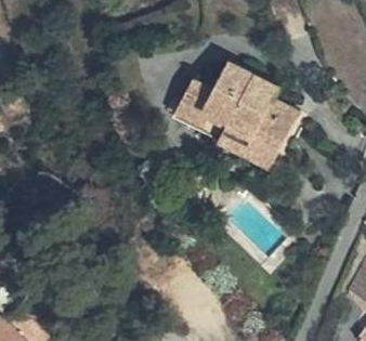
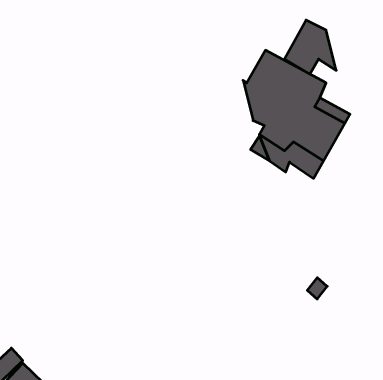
building: [178,70,222,117] -> [285,20,336,74]

